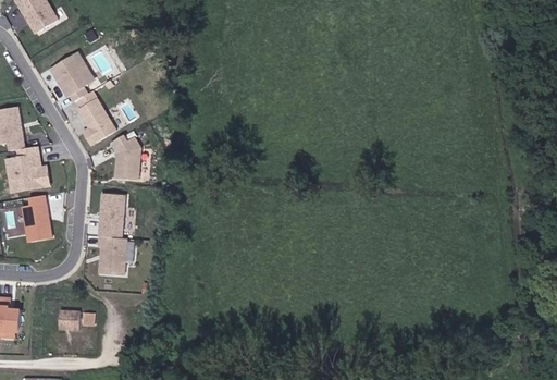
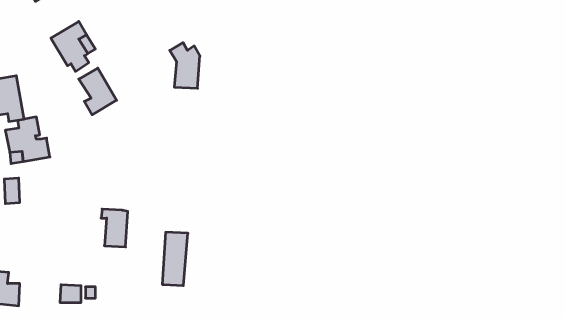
building: [110,134,139,179] -> [170,43,200,88]
building: [99,185,124,237] -> [162,232,188,286]
building: [22,194,51,241] -> none

